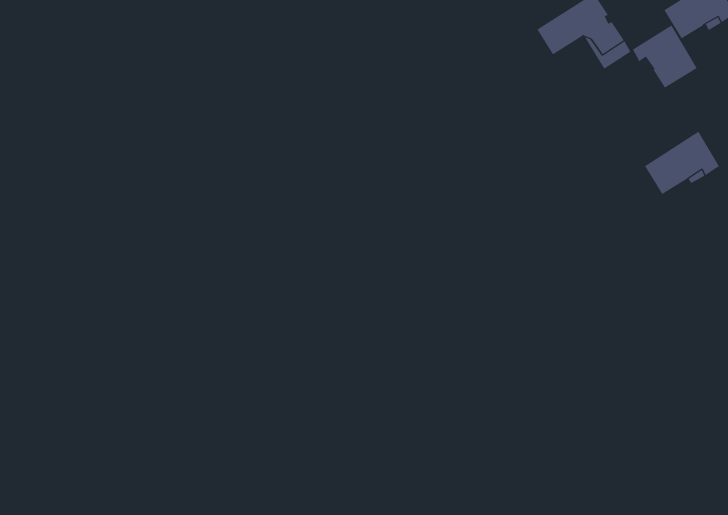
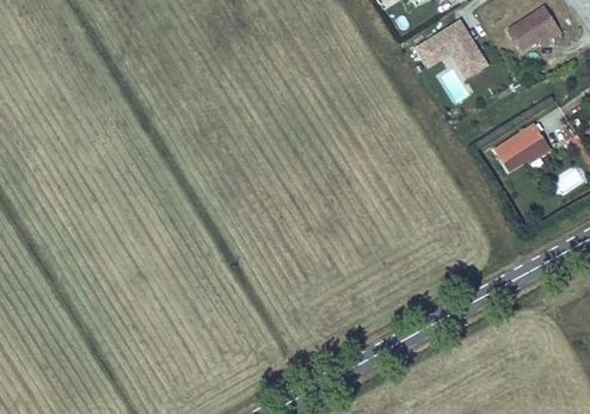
building: [632,25,697,88] -> none

